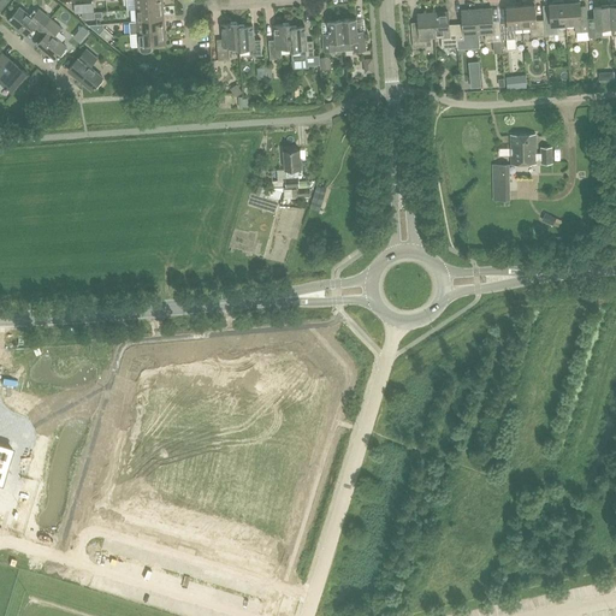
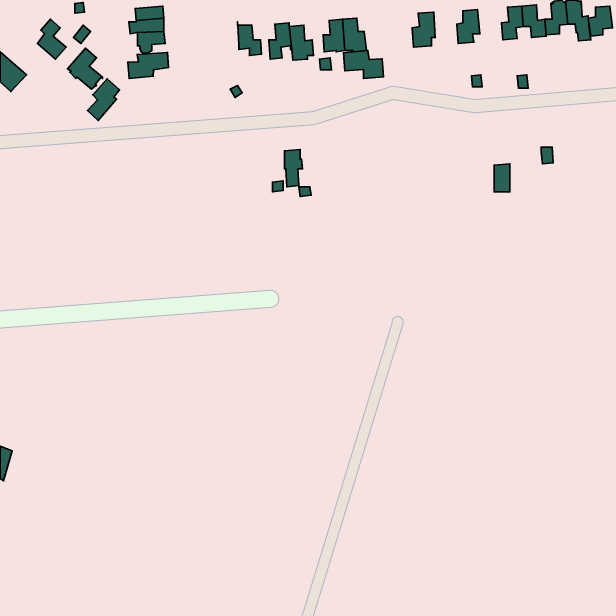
building: [8,7,51,35] -> none
building: [476,8,502,51] -> none
building: [433,11,457,48] -> none
building: [215,22,238,60] -> none
building: none -> [343,50,384,79]
building: none -> [128,52,169,78]
building: none -> [87,79,120,121]
building: [510,134,538,164] -> none

